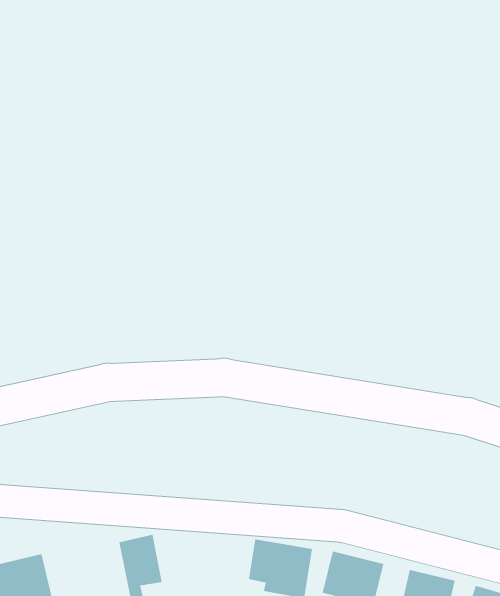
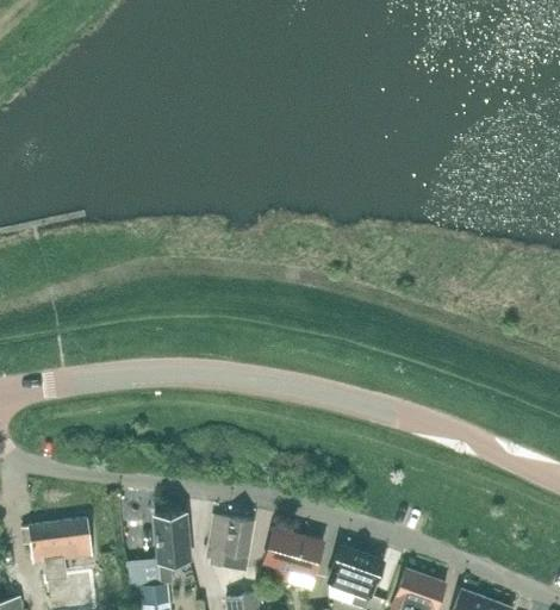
building: none -> [210,515,254,568]

